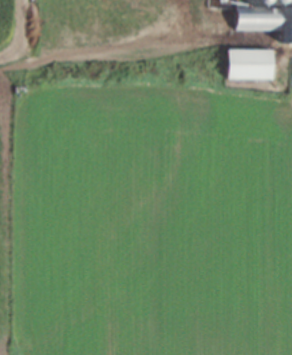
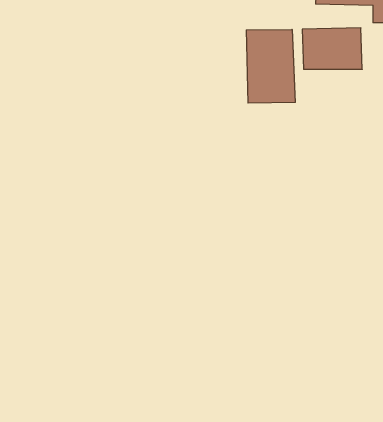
building: none -> [246,29,295,103]

